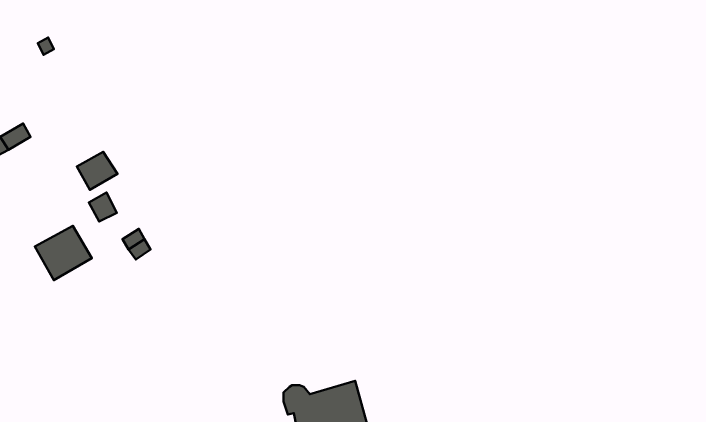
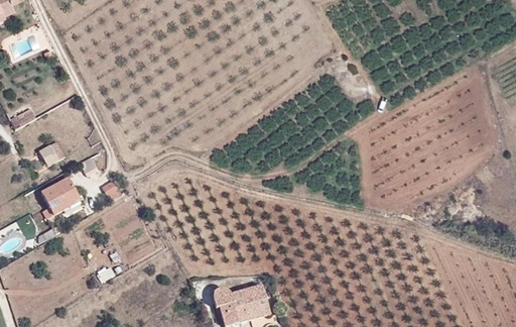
building: [77,152,118,190] -> [38,140,67,167]

